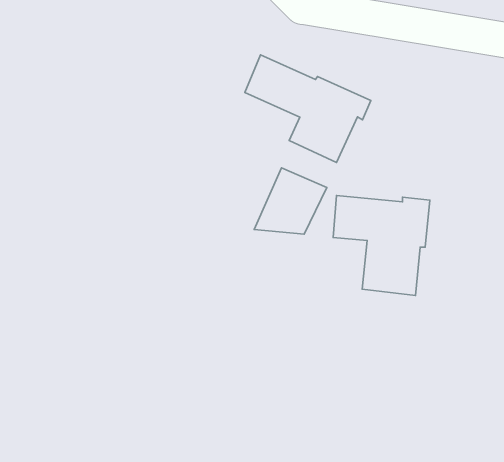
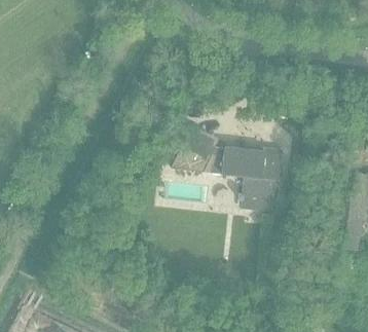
building: [245,55,371,163] -> none

